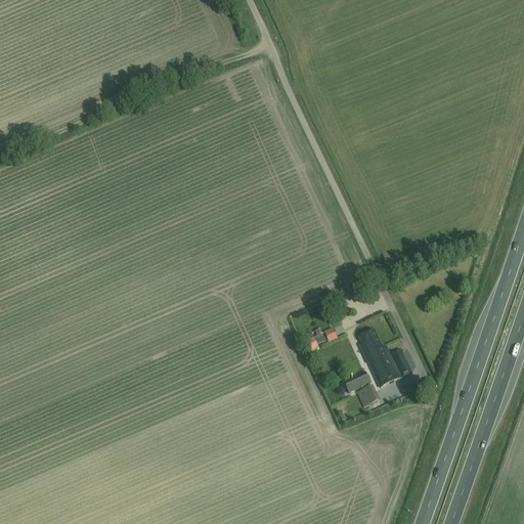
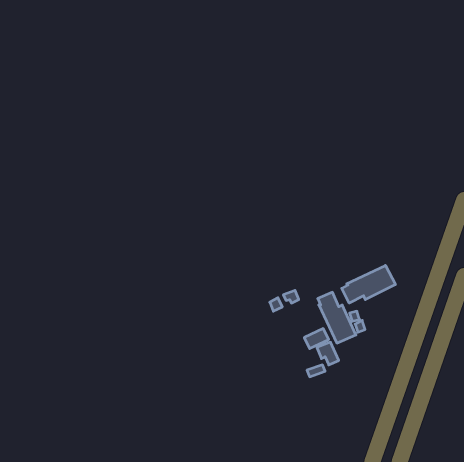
building: none -> [342,265,395,303]

